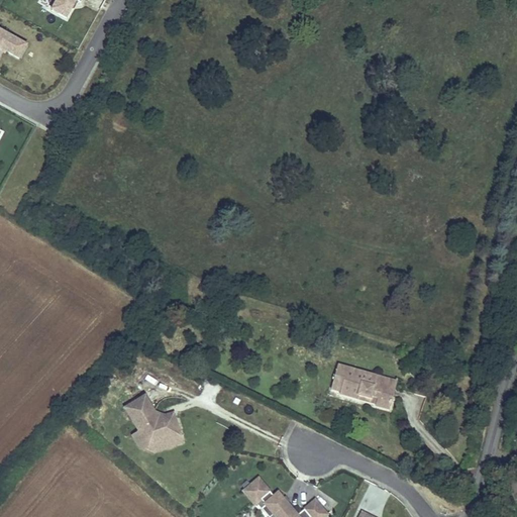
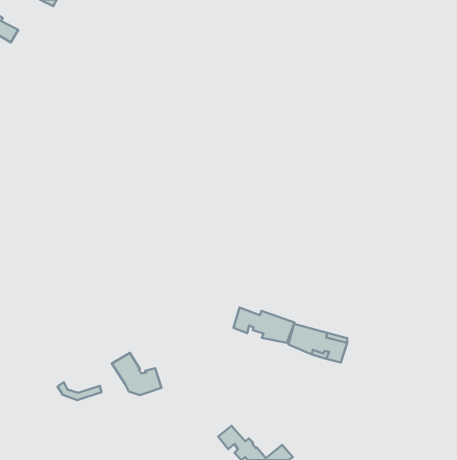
building: none -> [233,308,294,343]
building: [133,430,183,450] -> [57,382,102,400]

